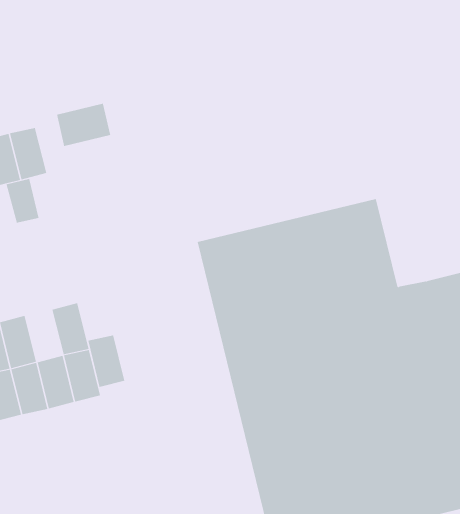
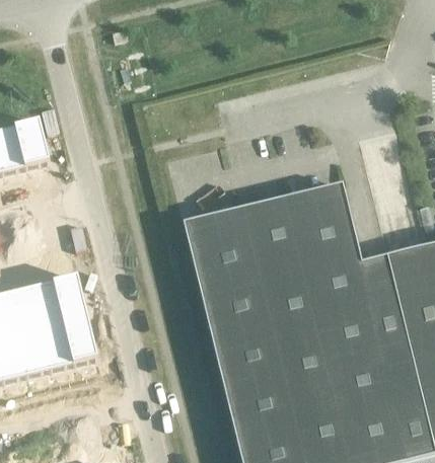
building: [56,103,111,147] -> none
building: [6,178,39,224] -> none
building: [87,335,125,388] -> [30,280,64,326]

